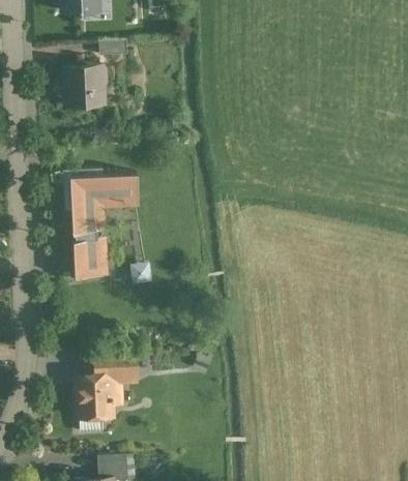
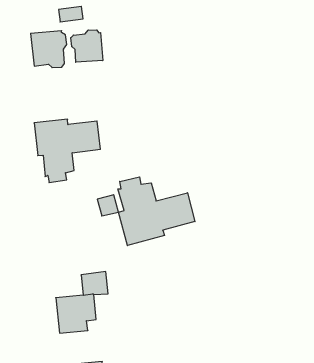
building: none -> [71,30,103,62]
building: [74,240,109,278] -> none
building: none -> [118,177,195,246]

